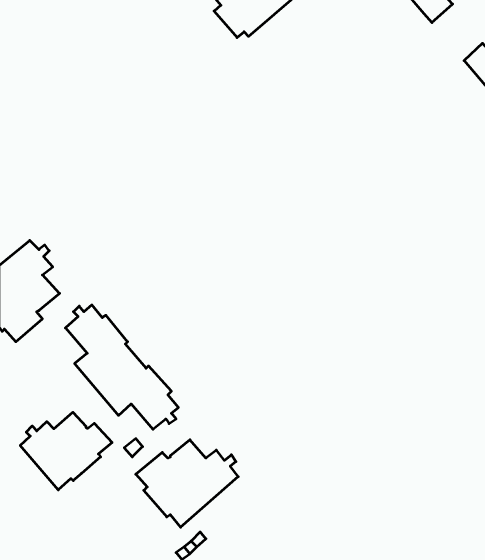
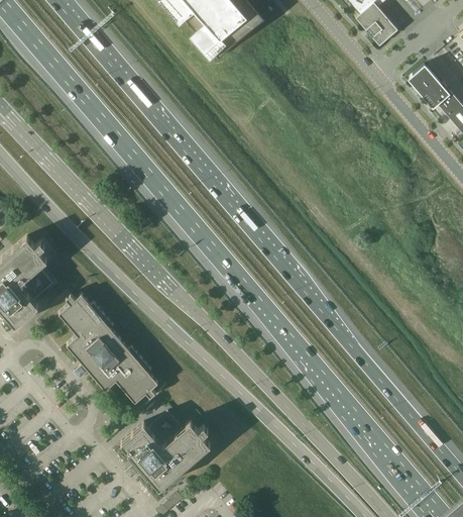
building: [20,412,112,490] -> none

